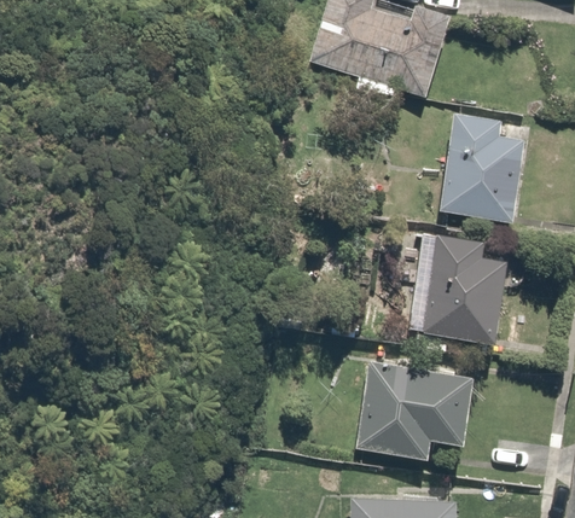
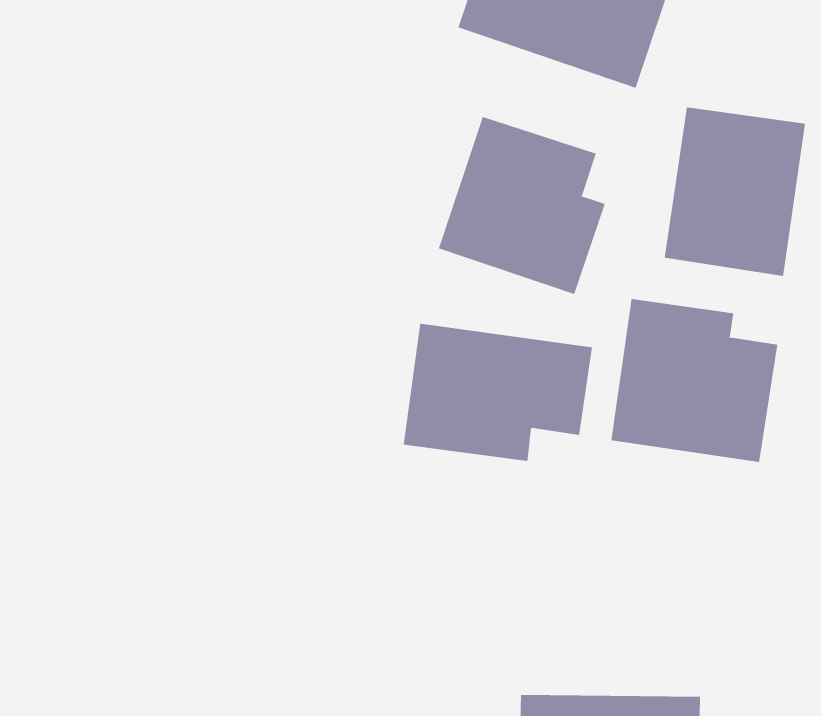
building: none -> [438,116,606,295]
building: [353,367,477,458] -> [403,323,593,461]

